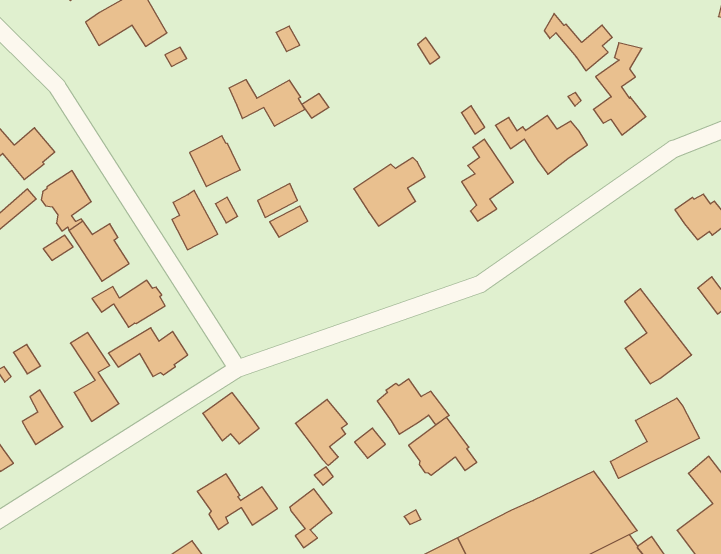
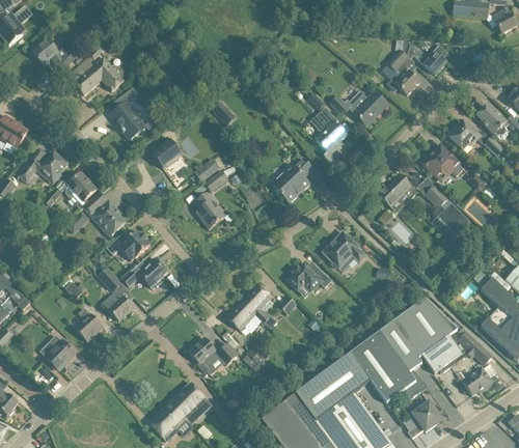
building: [544,13,612,71] -> [406,44,447,75]
building: none -> [111,103,145,139]
building: [229,80,305,126] -> none
building: [354,158,425,226] -> [271,158,312,202]
building: [172,190,218,250] -> [195,192,225,228]
building: none -> [425,148,464,175]
building: none -> [379,175,419,212]
building: [203,393,259,444] -> [225,301,261,331]
building: [610,398,699,478] -> none
building: [409,417,477,475] -> [323,231,365,268]

